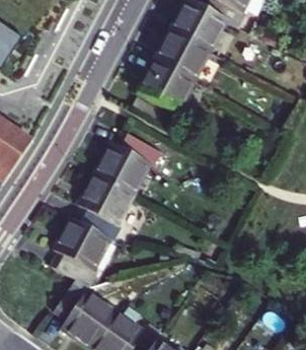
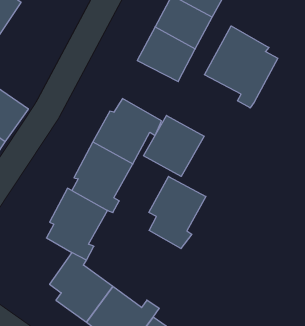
building: none -> [204,26,278,108]
building: none -> [144,115,204,176]
building: none -> [149,176,206,249]

